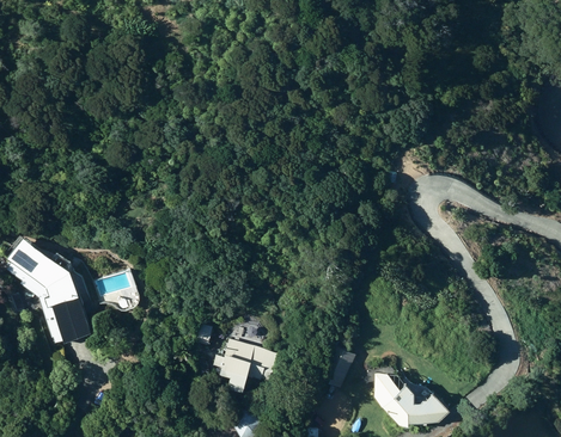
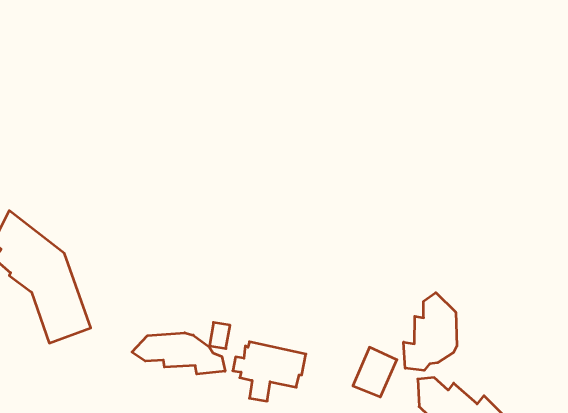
building: none -> [404,293,457,370]
building: none -> [132,333,225,374]

